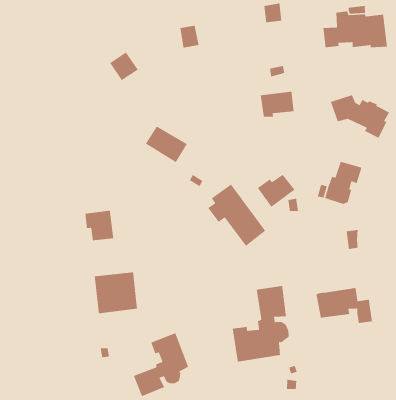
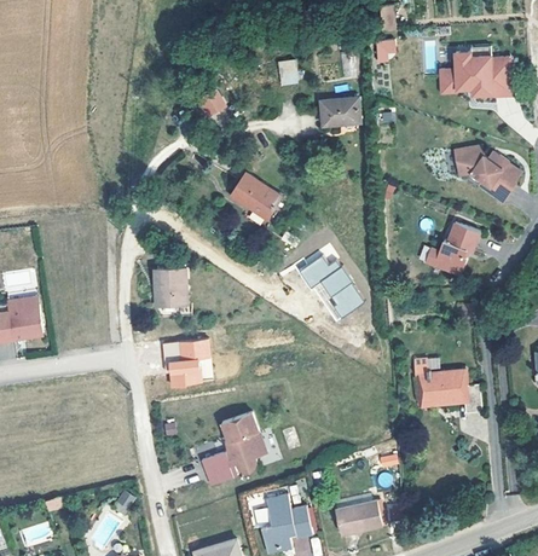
building: [260,91,294,118] -> [320,98,359,127]
building: [257,174,295,208] -> none
building: [232,285,289,362] -> none

